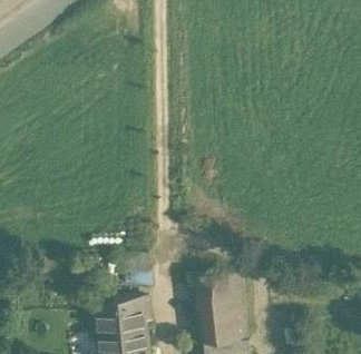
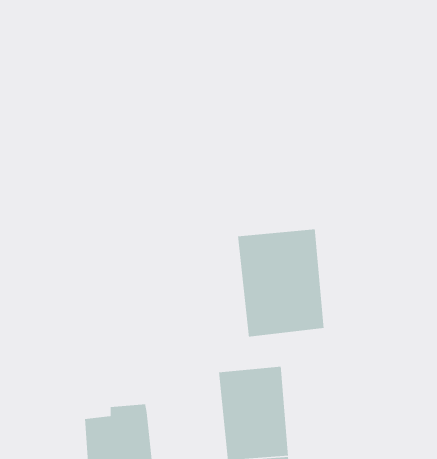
building: none -> [237,228,324,337]

